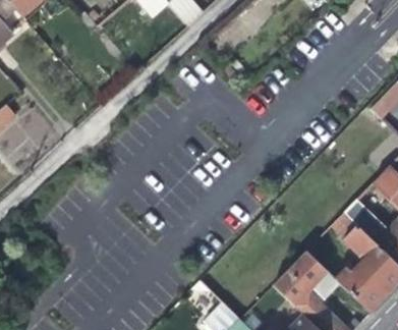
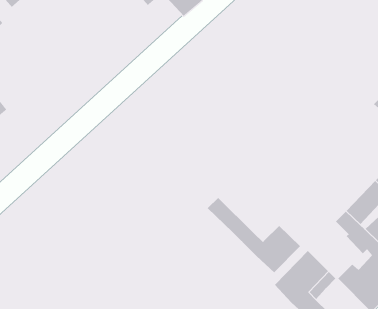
building: none -> [207,197,301,273]

